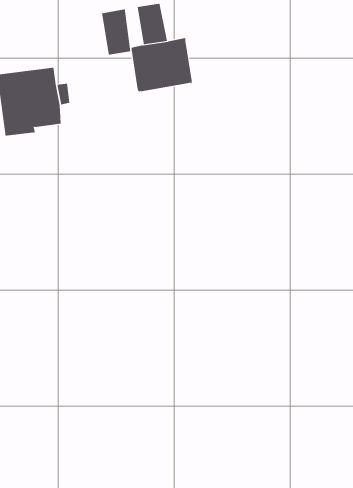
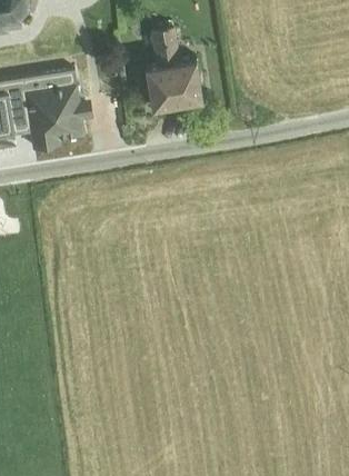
building: [101,9,131,56] -> none

